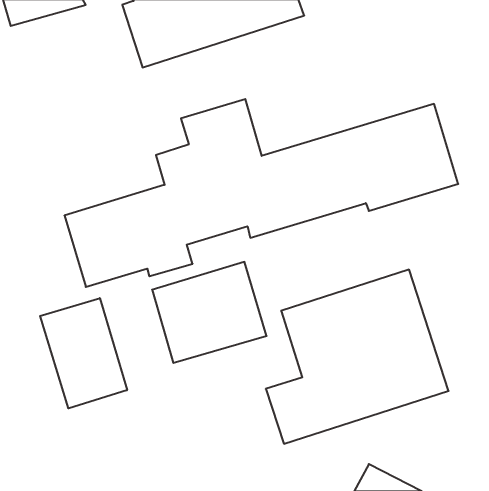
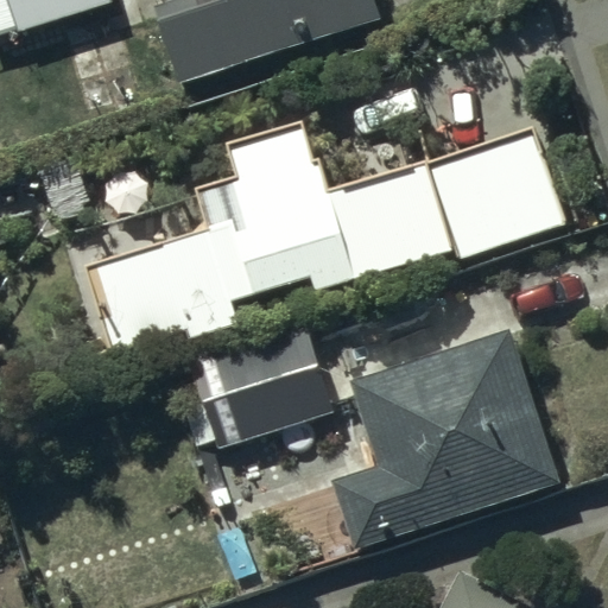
building: [40,298,127,408] -> none

